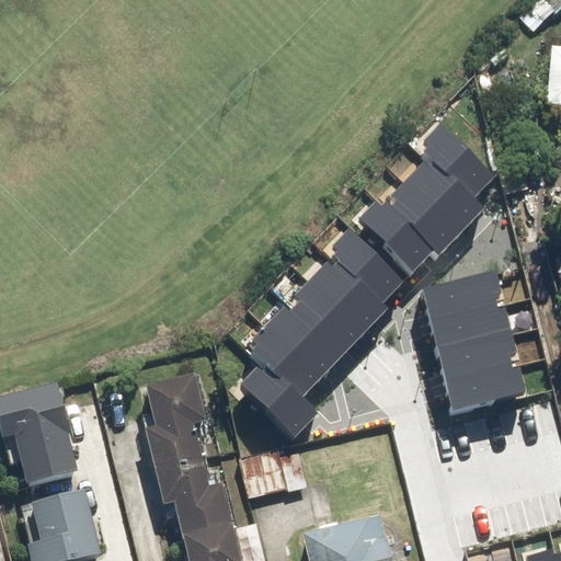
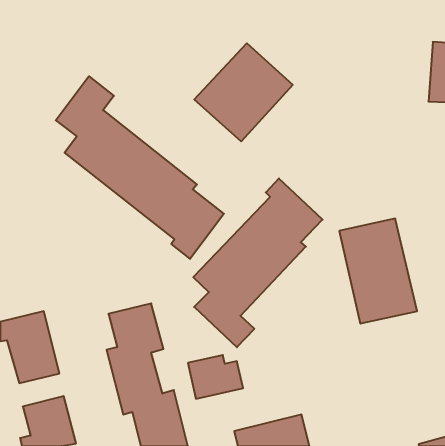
building: none -> [194,43,293,141]
building: none -> [56,76,224,259]
building: [360,123,499,267] -> none

